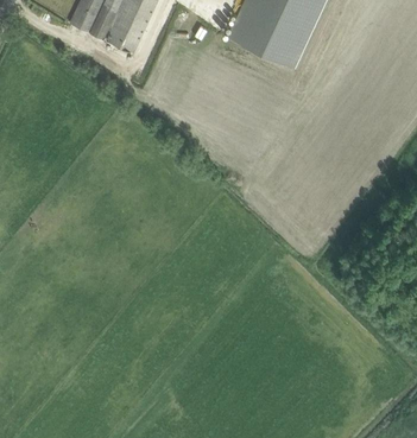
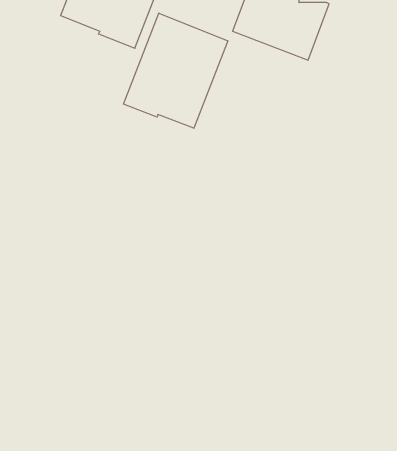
building: none -> [123,13,228,128]

